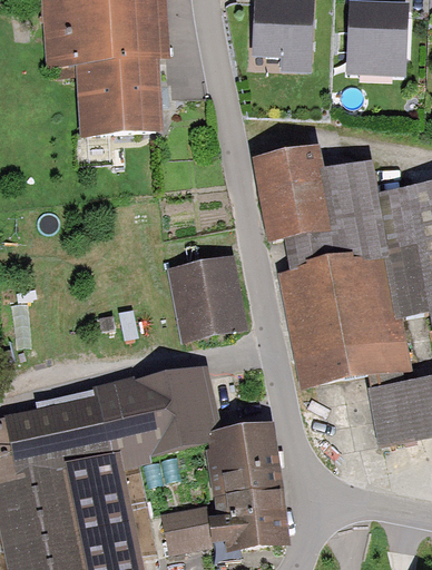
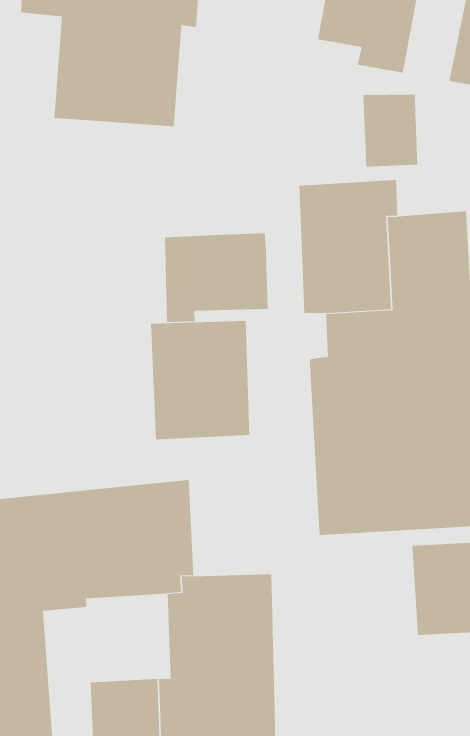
building: none -> [363,94,418,168]
building: none -> [164,232,268,323]

